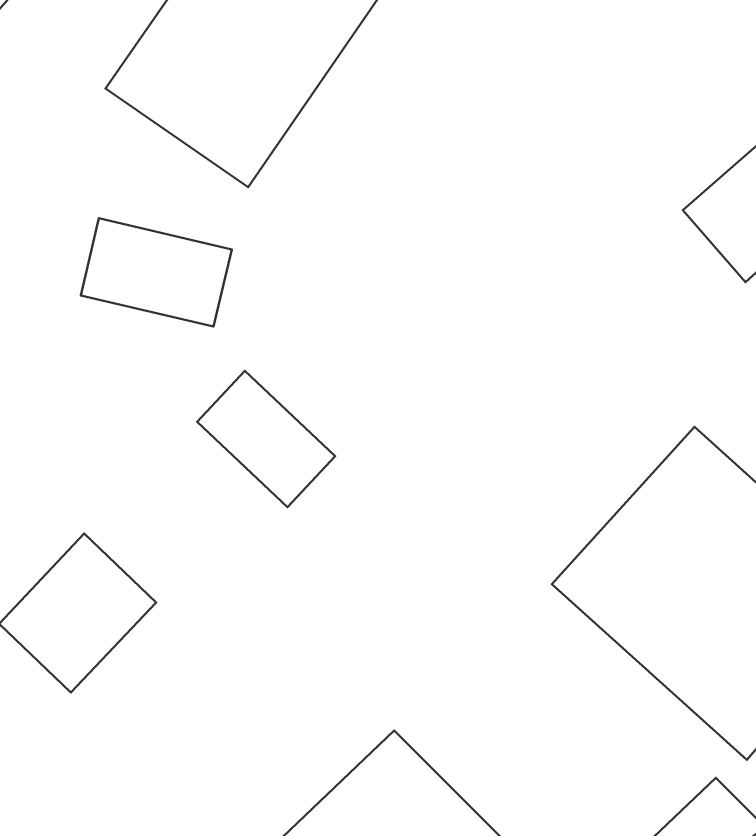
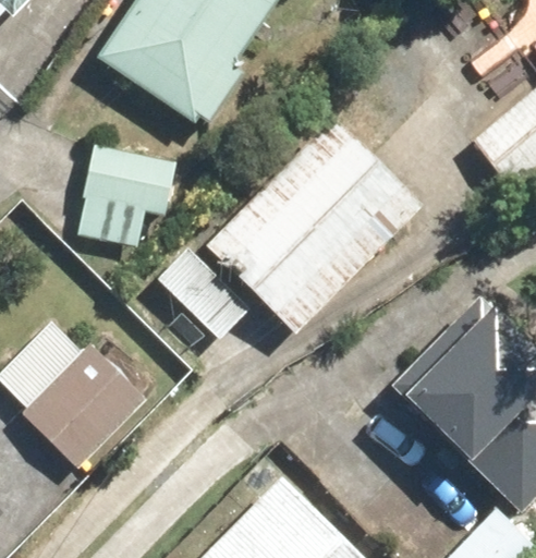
building: none -> [211,122,416,329]

